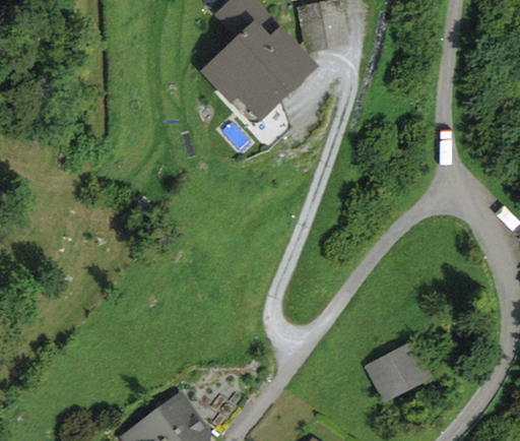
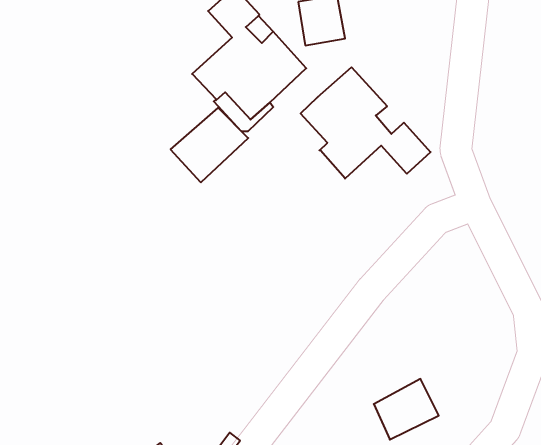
building: none -> [301,67,431,179]
building: none -> [171,108,248,182]

